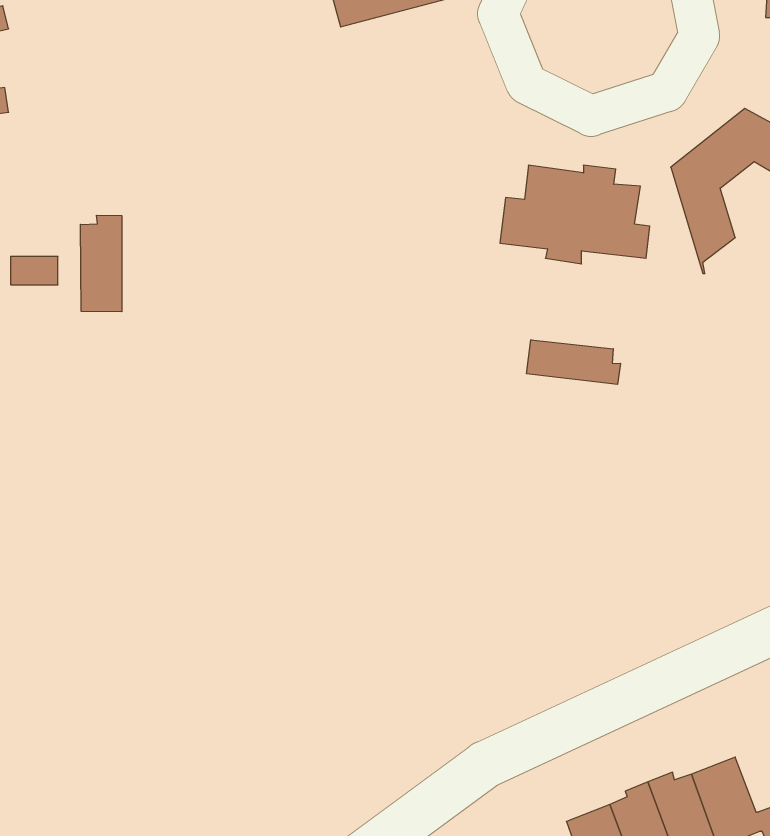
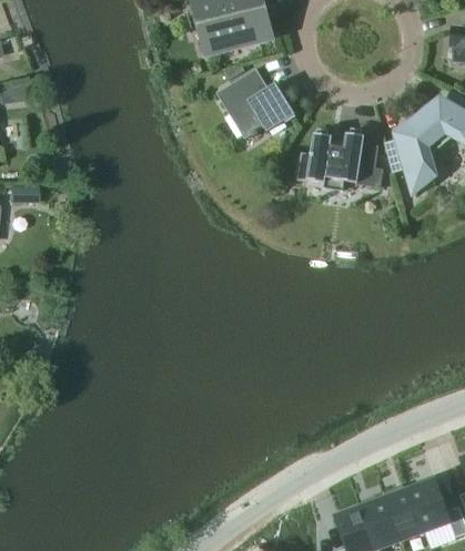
building: none -> [218,68,296,137]
building: [80,215,122,312] -> none
building: [527,340,620,384] -> none

